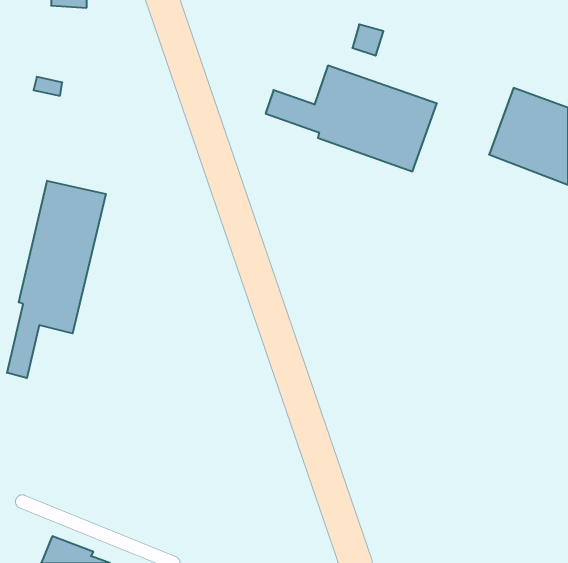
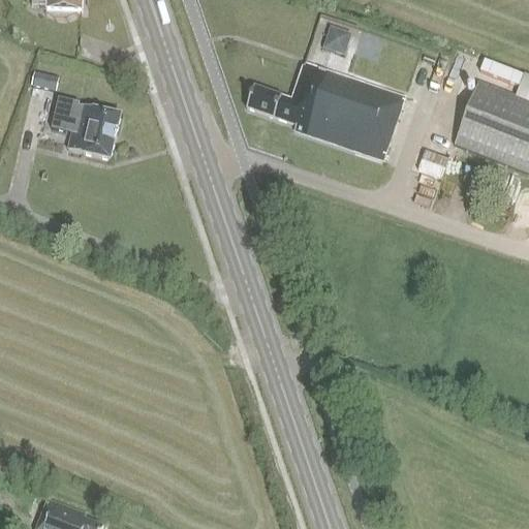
building: none -> [51,96,121,157]
building: [7,181,106,378] -> none

